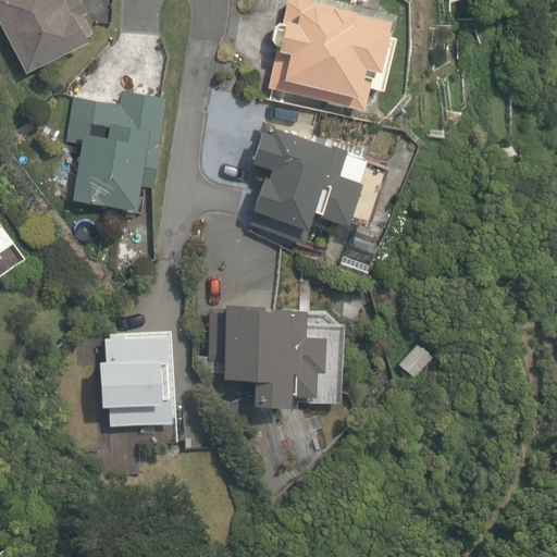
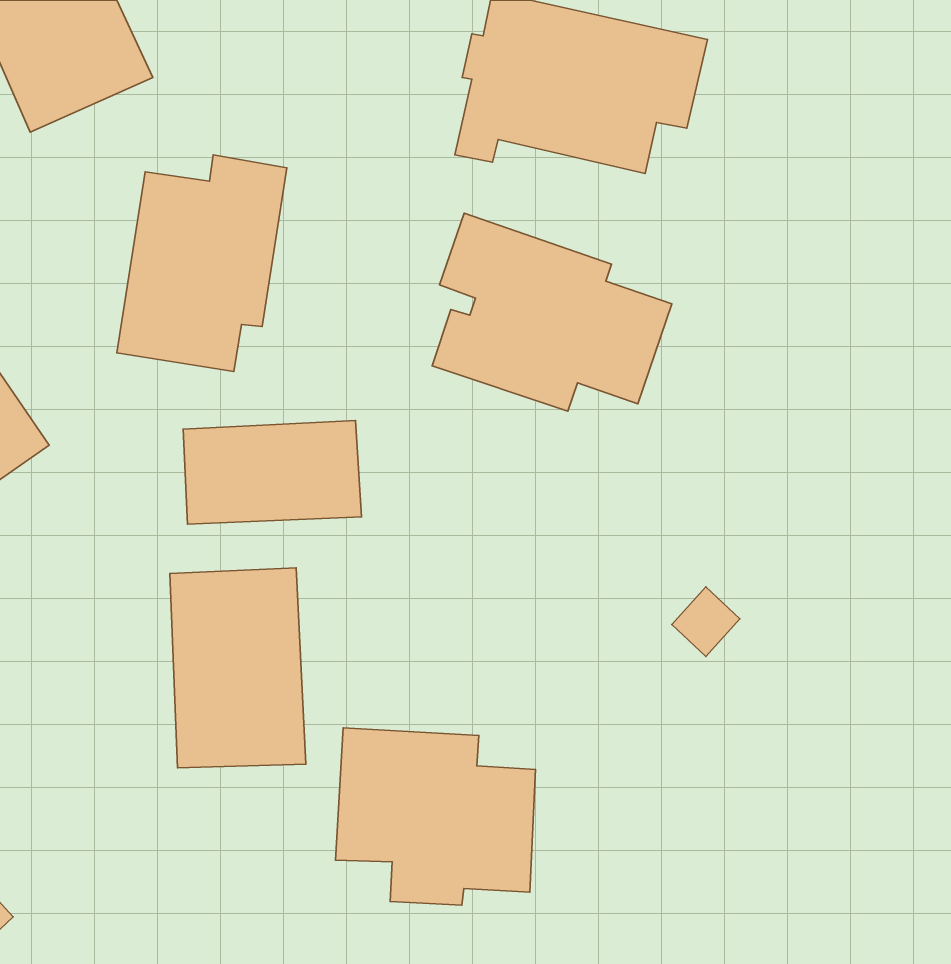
building: none -> [183,420,362,524]
building: [222,306,337,408] -> [335,728,535,905]

